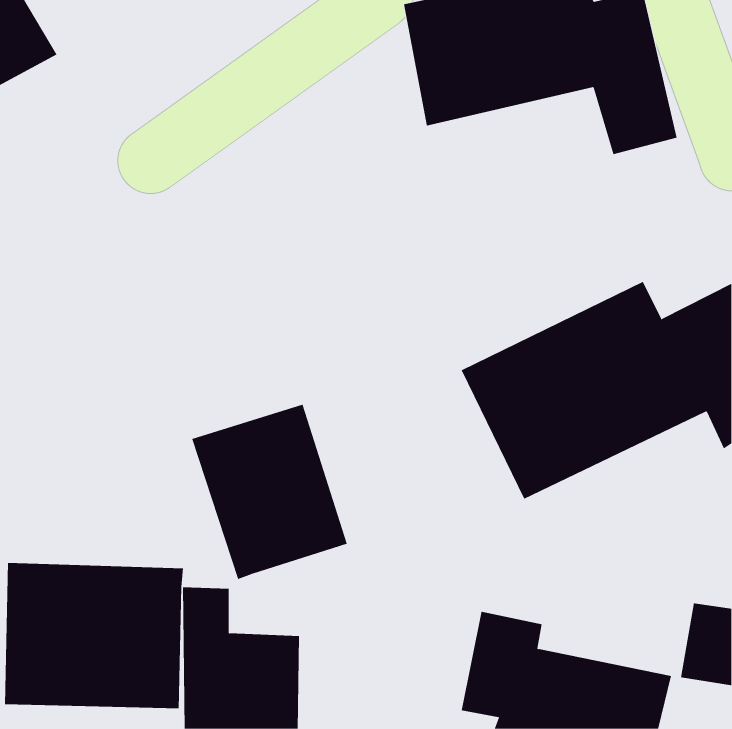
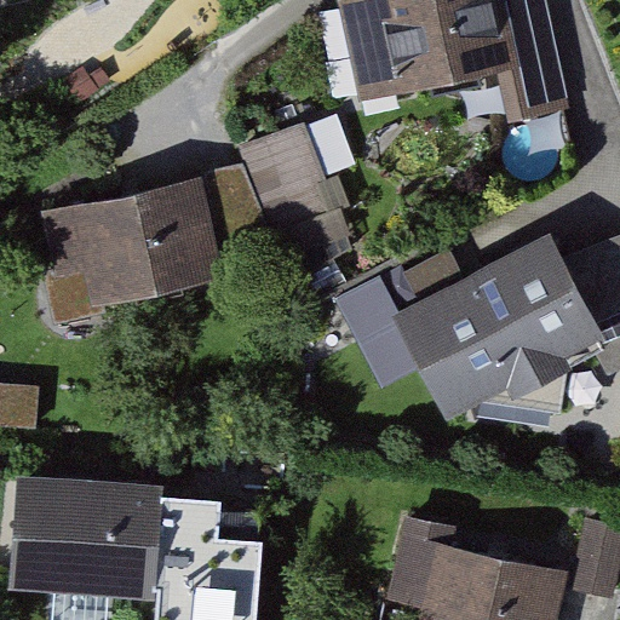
building: none -> [36,126,345,325]
building: [192,404,348,580] -> none

